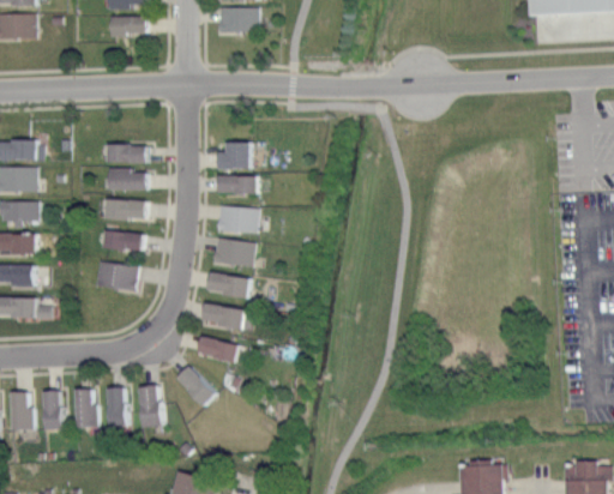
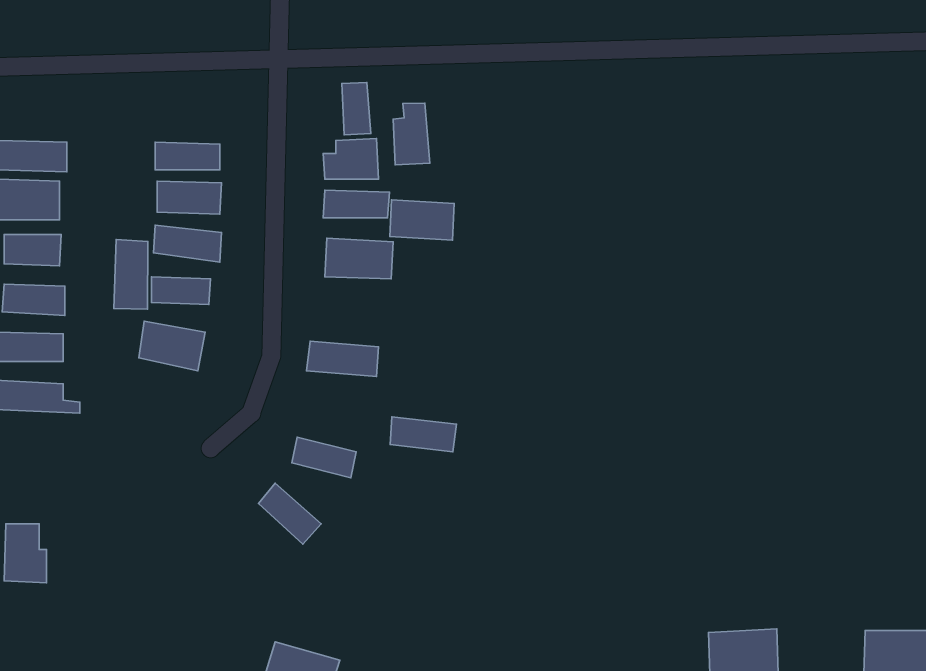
building: none -> [342,83,371,135]
building: none -> [393,103,430,165]
building: none -> [114,239,148,309]
building: [211,239,253,265] -> [390,200,454,240]
building: [198,303,241,326] -> [390,417,456,452]
building: [136,384,163,426] -> none
building: [103,385,127,426] -> none
building: [71,387,98,427] -> none
building: [37,388,61,428] -> none

